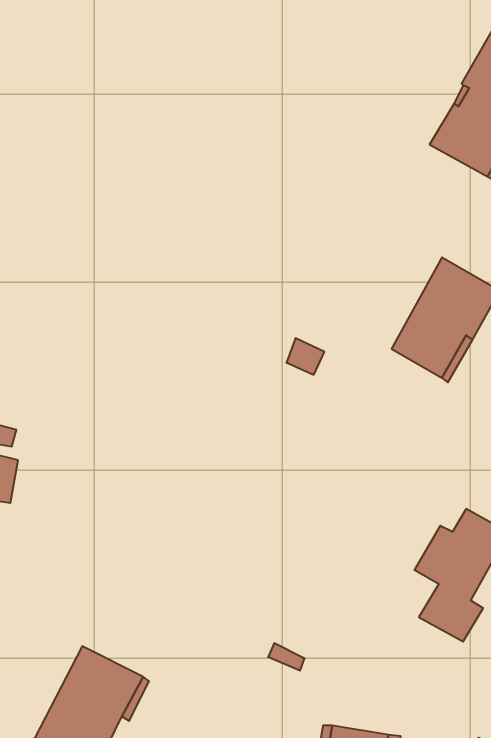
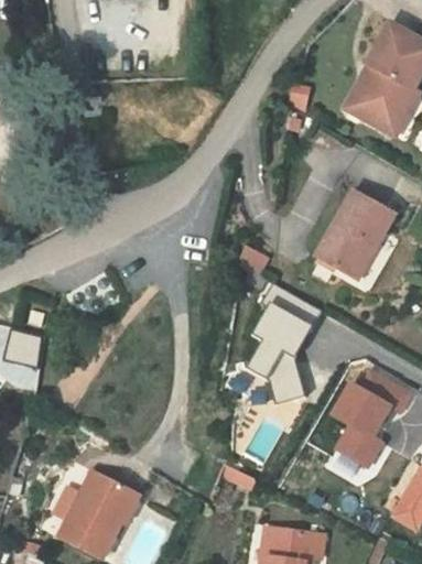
building: none -> [241,282,320,408]

